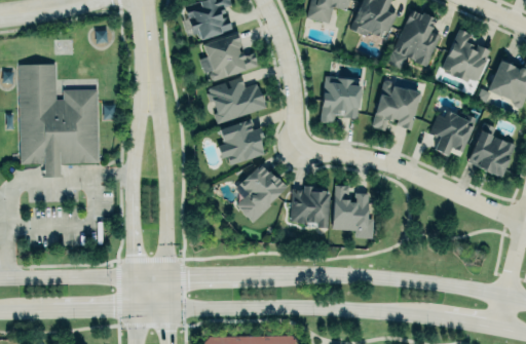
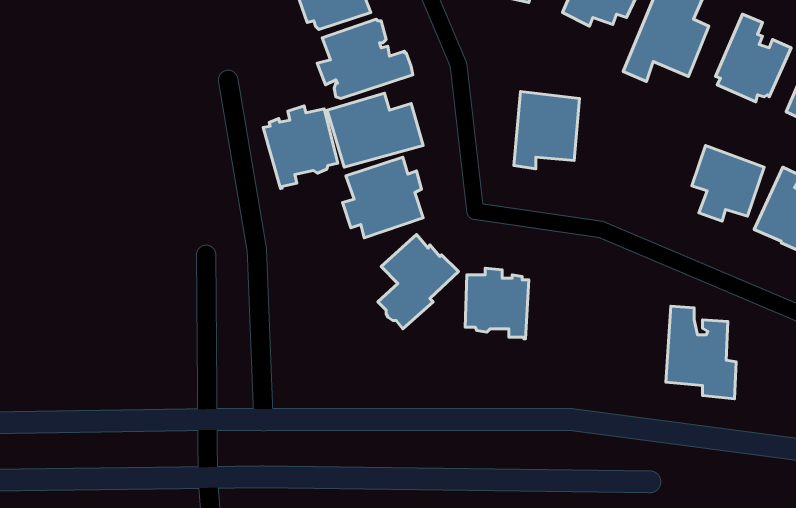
building: [20,64,99,177] -> none
building: [372,85,420,129] -> none
building: none -> [263,106,338,189]
building: [332,184,375,240] -> [666,306,736,399]

